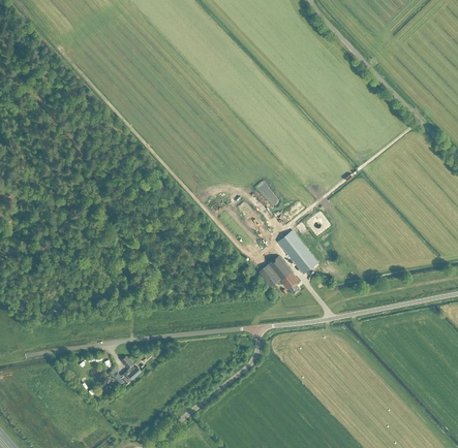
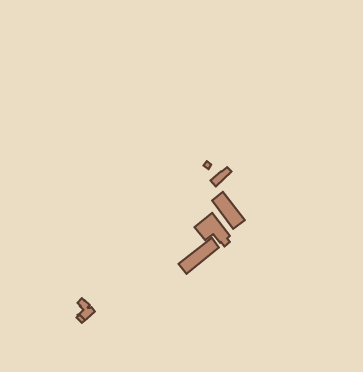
building: none -> [179,238,219,274]

